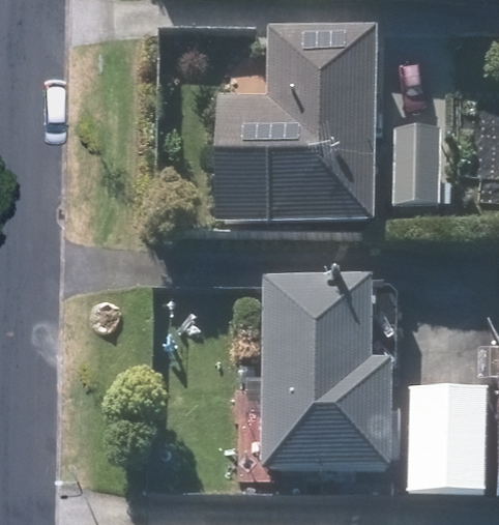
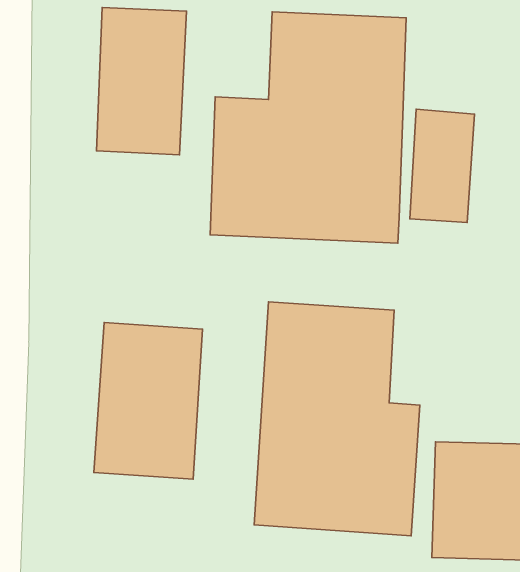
building: none -> [96,8,187,155]
building: none -> [94,323,202,479]

